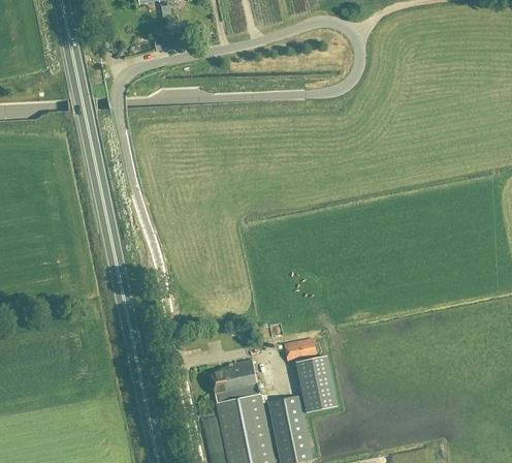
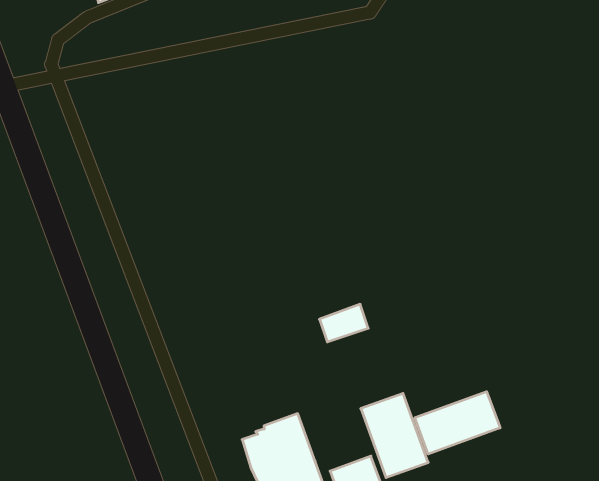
building: [282,338,315,361] -> [319,304,368,342]
building: none -> [415,392,500,454]

